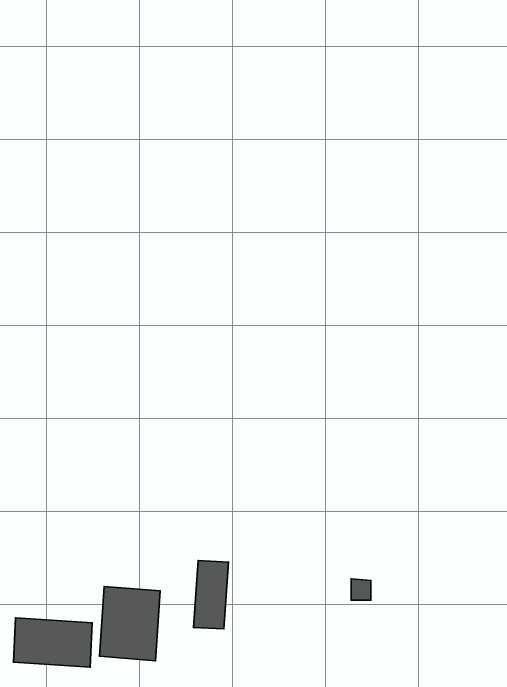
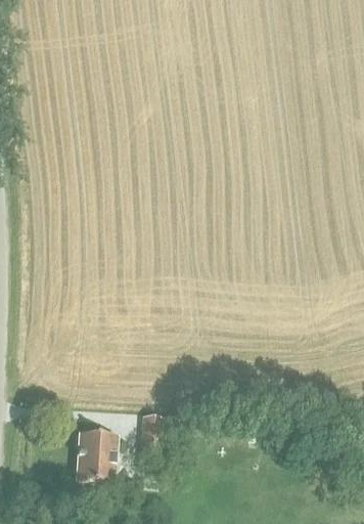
building: [14,618,92,667] -> none

